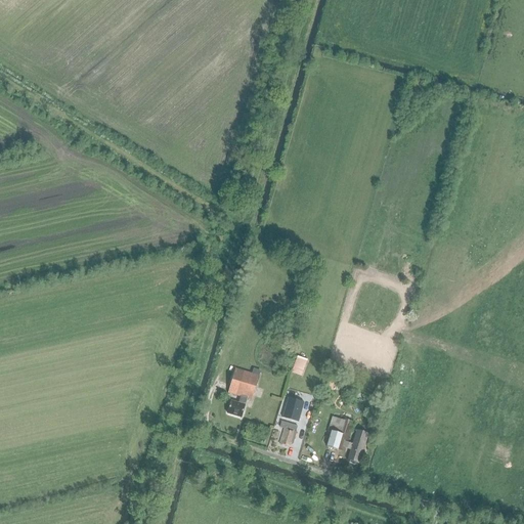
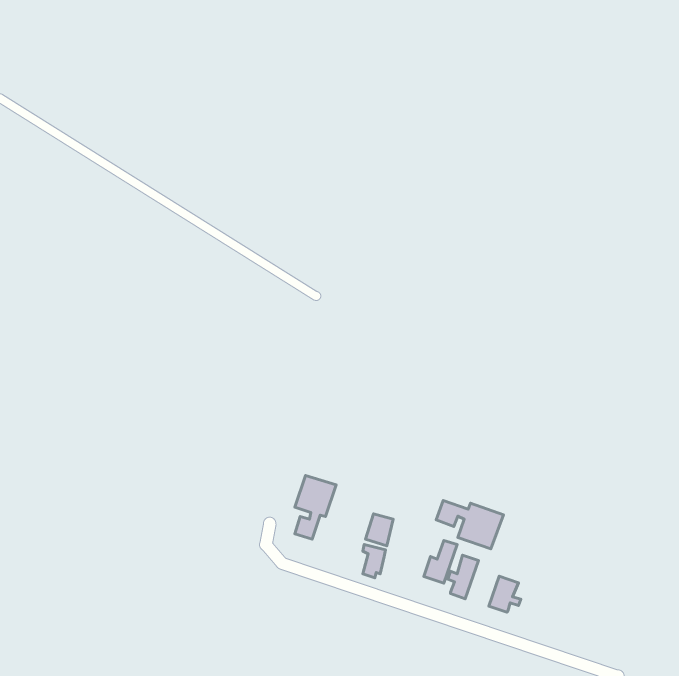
building: none -> [436,500,504,549]
building: none -> [489,576,521,612]

